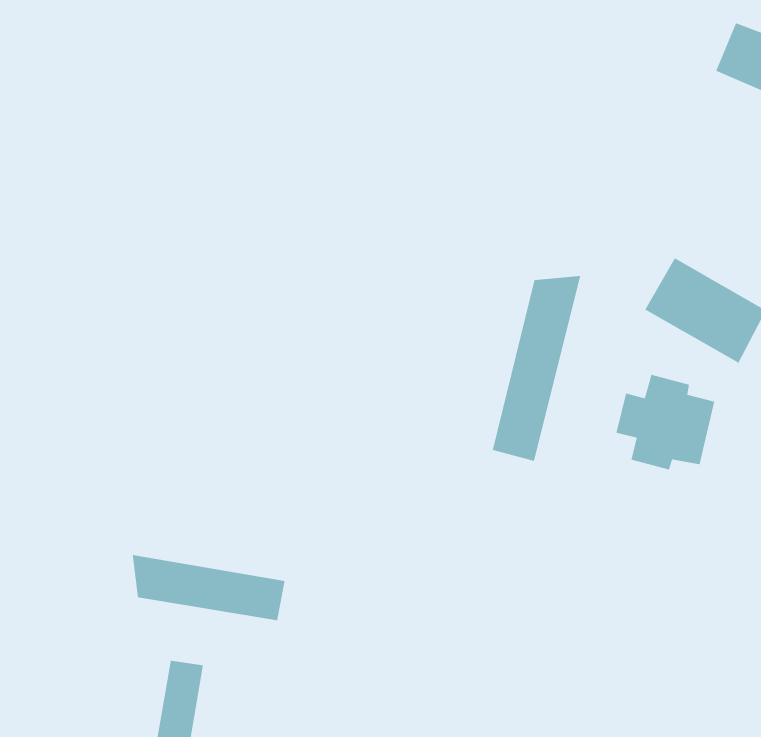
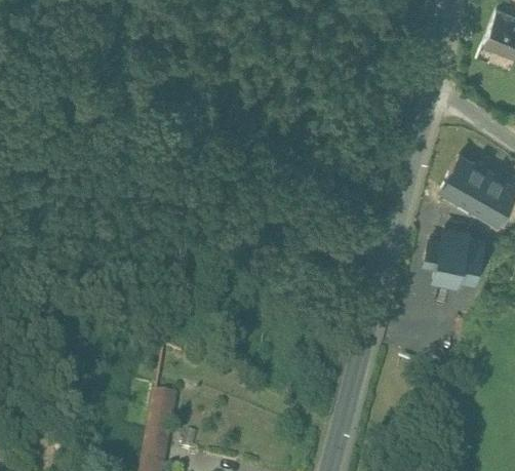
building: [492,275,581,462] -> none
building: [132,554,286,621] -> none

